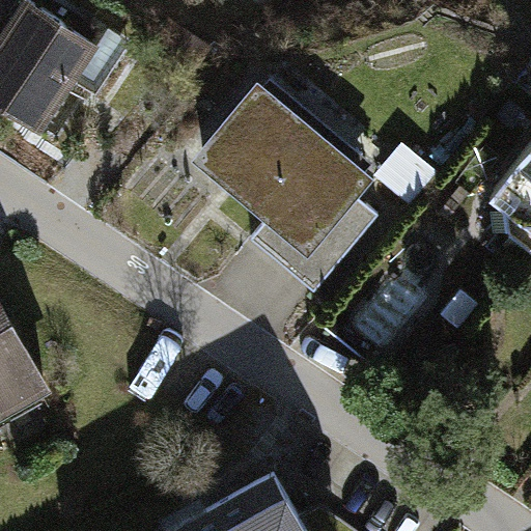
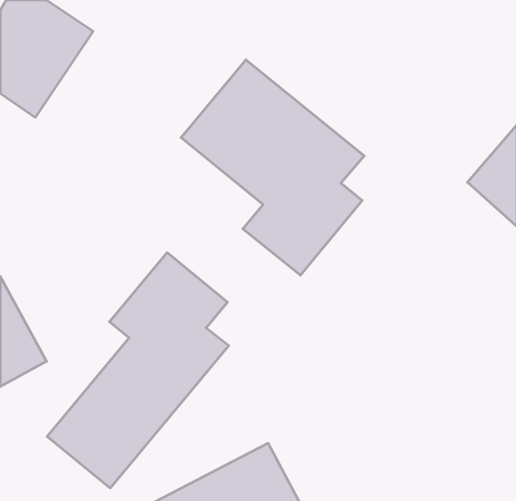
building: none -> [47,253,229,488]

